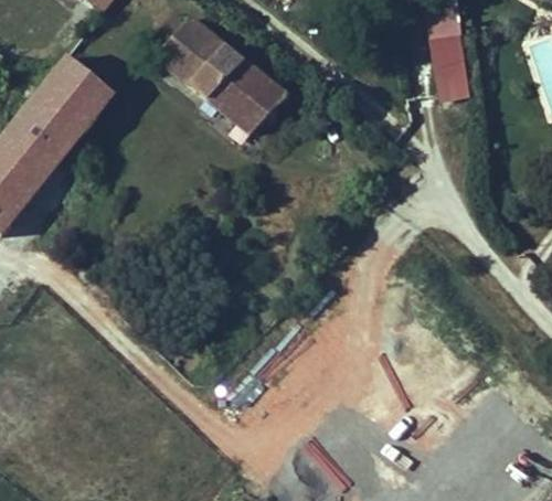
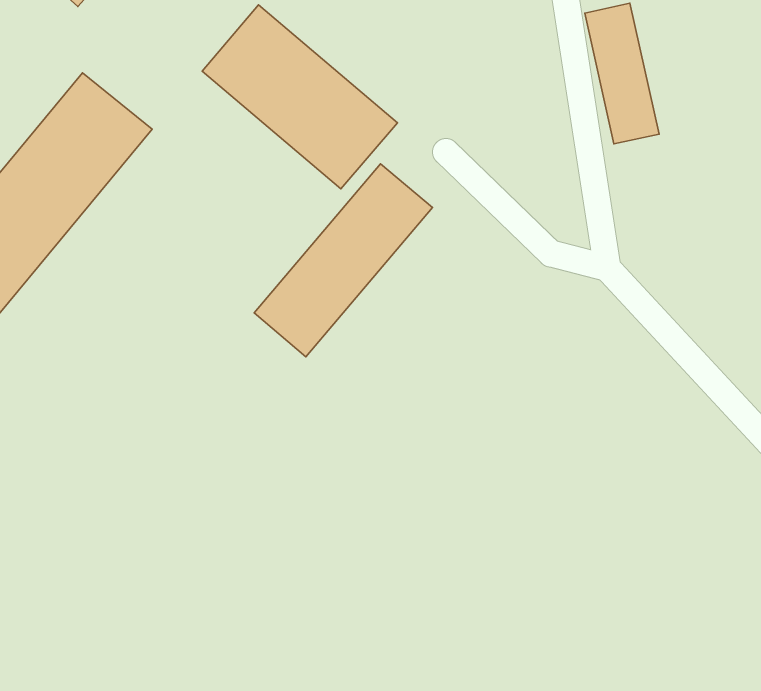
building: none -> [254,164,433,357]

